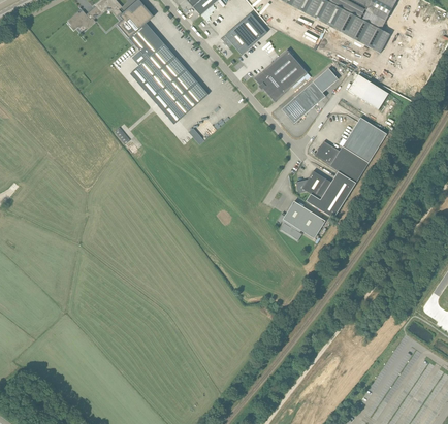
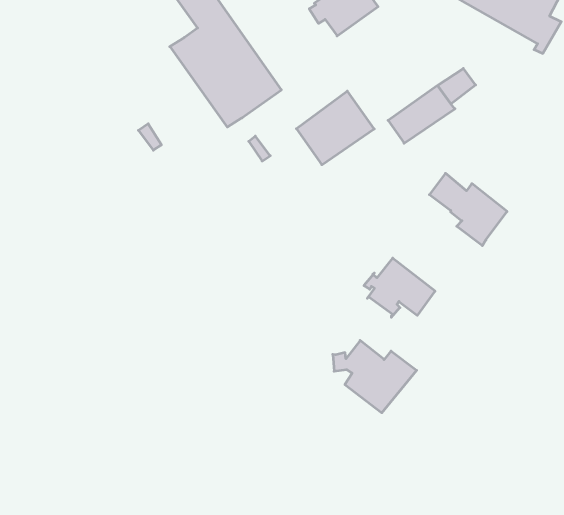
building: [255,50,308,101] -> [296,91,374,165]
building: [349,74,389,109] -> none
building: [343,118,387,162] -> none
building: [296,170,354,218] -> [333,340,417,413]

